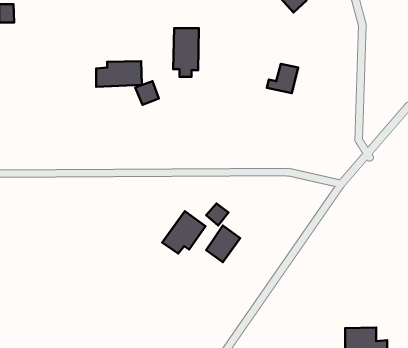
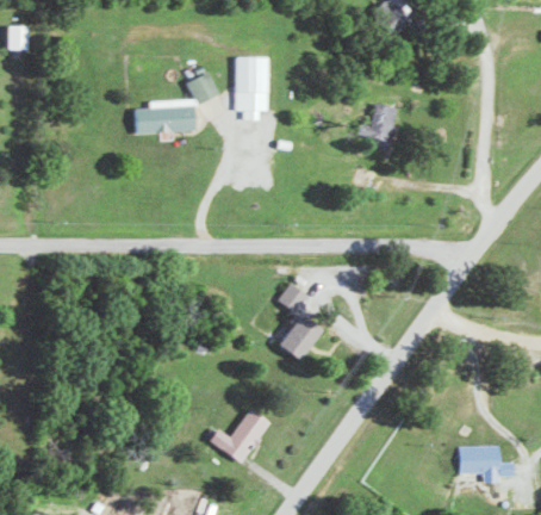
building: [135,81,159,105] -> [186,73,217,104]
building: [162,211,206,253] -> none
building: none -> [209,409,269,464]

